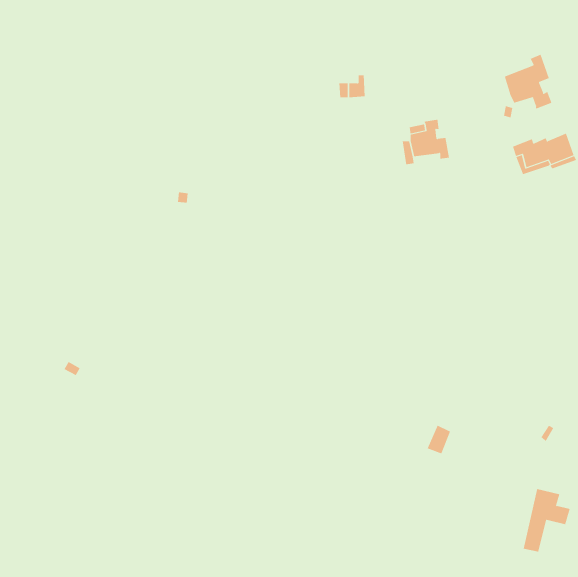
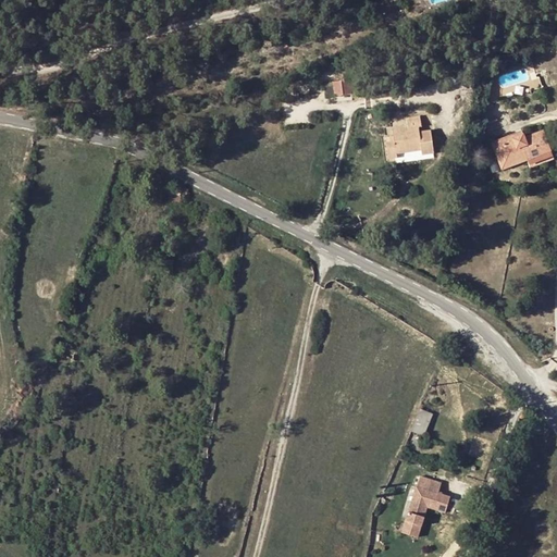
building: [504,54,552,109] -> none
building: [523,489,571,552] -> [401,482,447,543]

